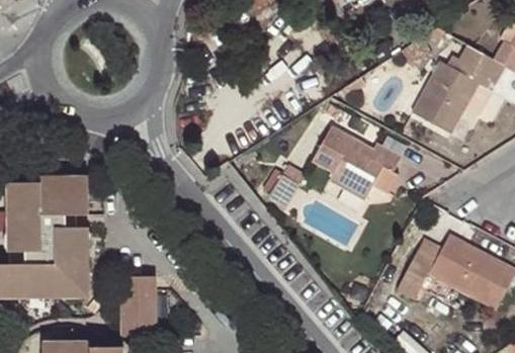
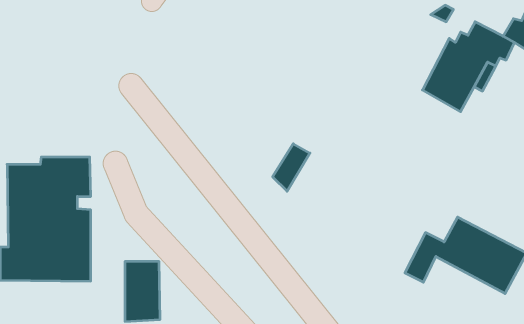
building: [313,125,400,198] -> none

